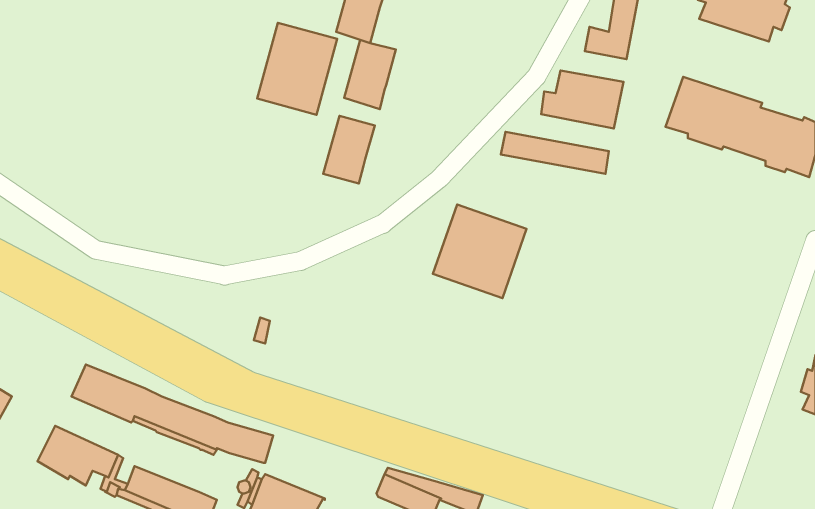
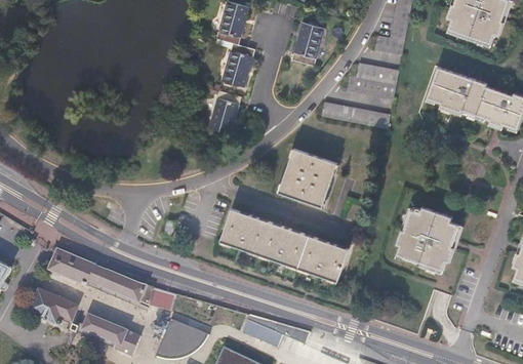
building: none -> [291,23,324,66]
building: [257,23,337,115] -> none
building: none -> [395,206,458,271]
building: none -> [219,208,349,282]

